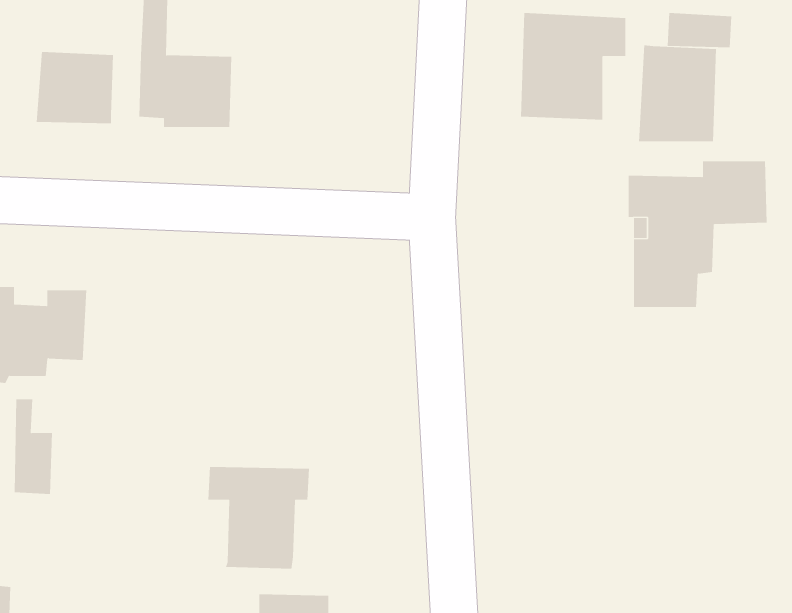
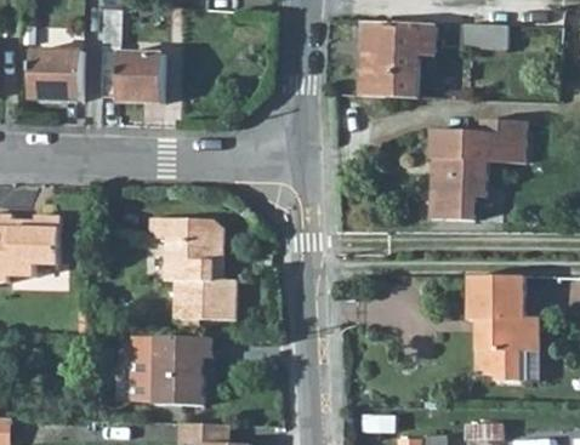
building: [639,45,717,142] -> none
building: none -> [147,217,237,319]
building: none -> [470,281,539,386]
building: [14,399,53,494] -> [132,335,159,400]

